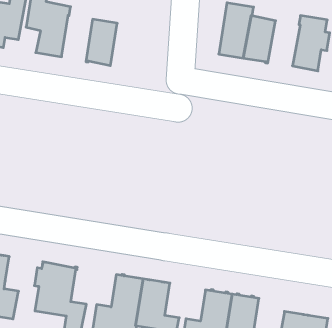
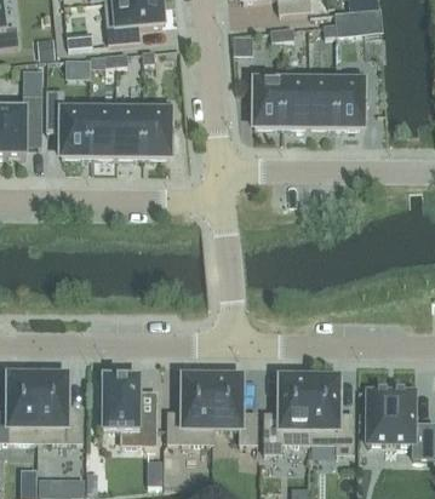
building: none -> [142,99,170,155]
building: none -> [88,109,115,155]
building: none -> [308,80,336,126]

